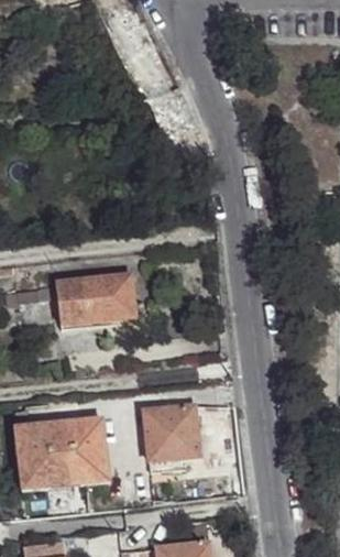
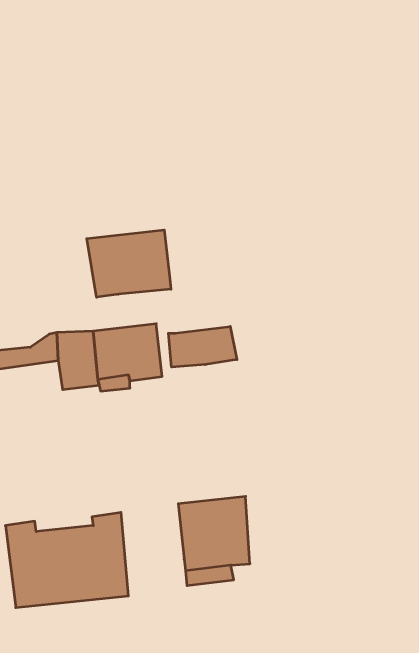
building: none -> [87,230,171,297]
building: none -> [168,326,237,367]

